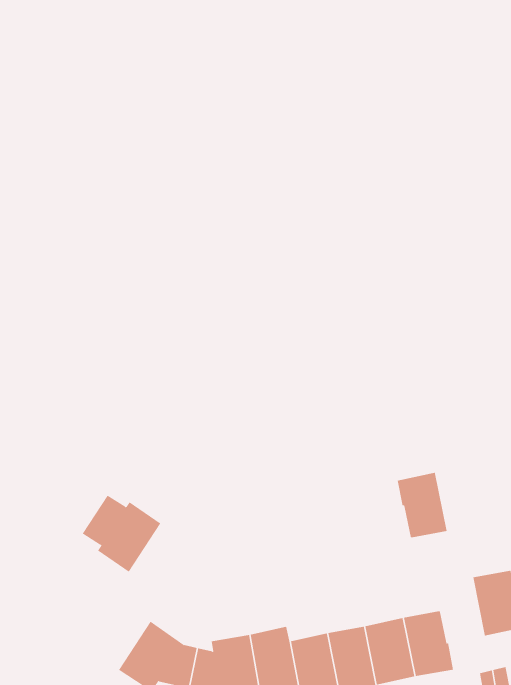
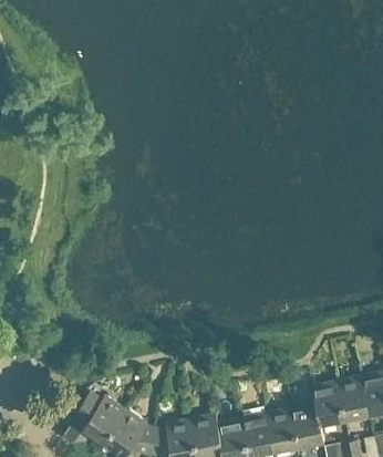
building: [397,472,447,538] -> [312,383,345,426]
building: [82,495,161,572] -> [74,393,126,444]

